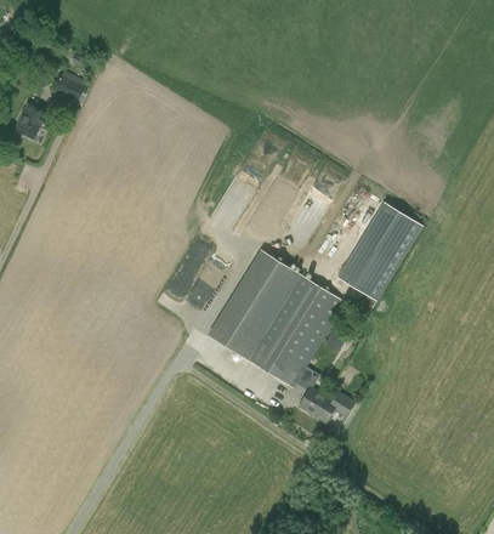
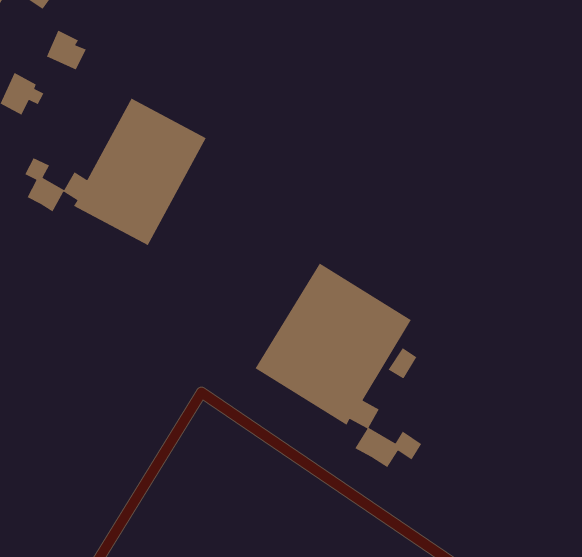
building: none -> [24,98,207,246]
building: [336,201,420,307] -> none

